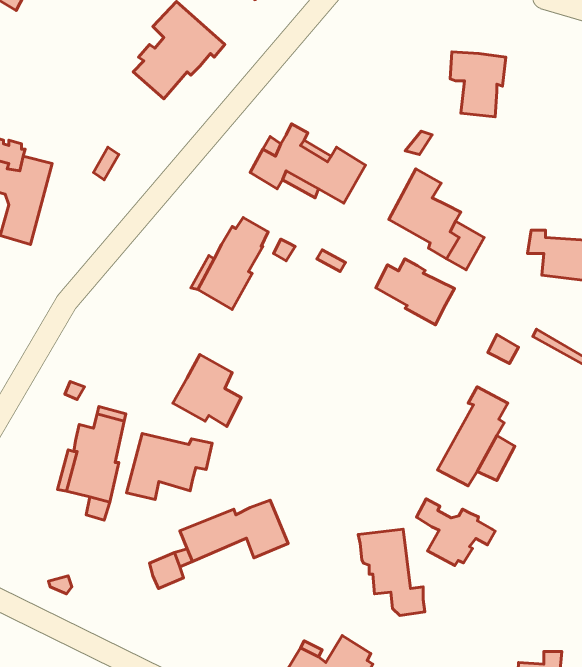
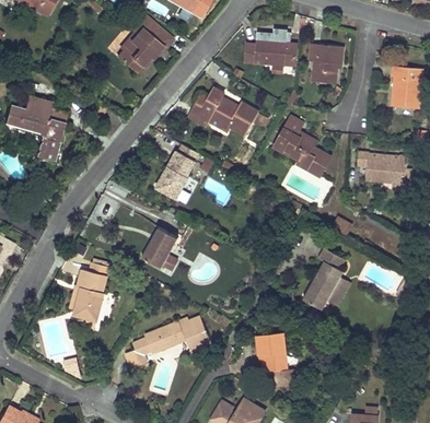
building: none -> [244,38,297,67]
building: [376,259,454,325] -> none
building: [127,433,212,500] -> none
building: [416,499,495,565] -> none

